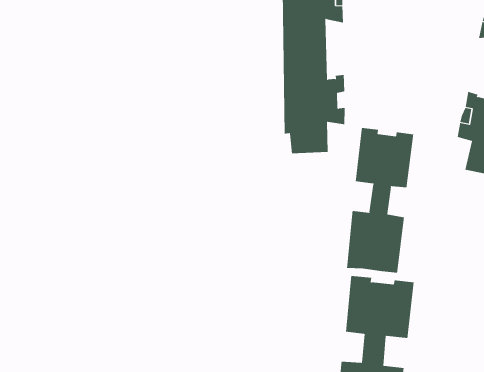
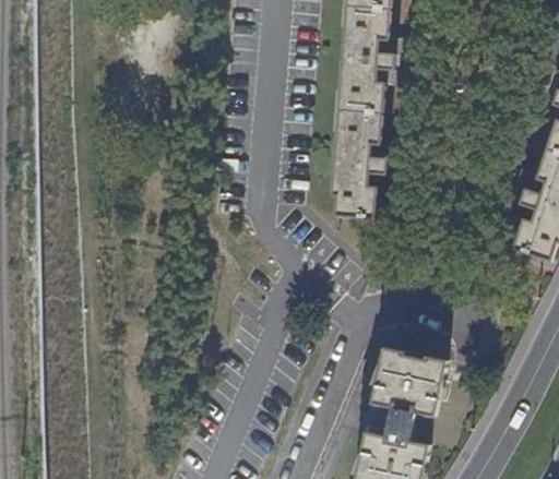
building: [346,127,414,274] -> none

